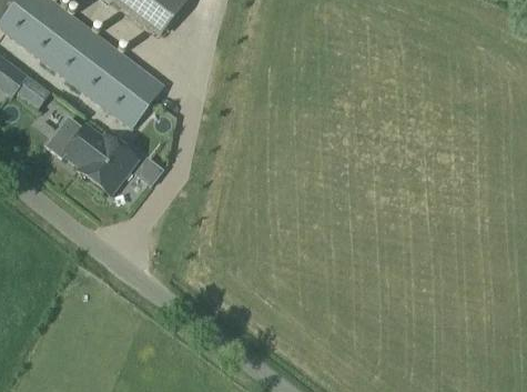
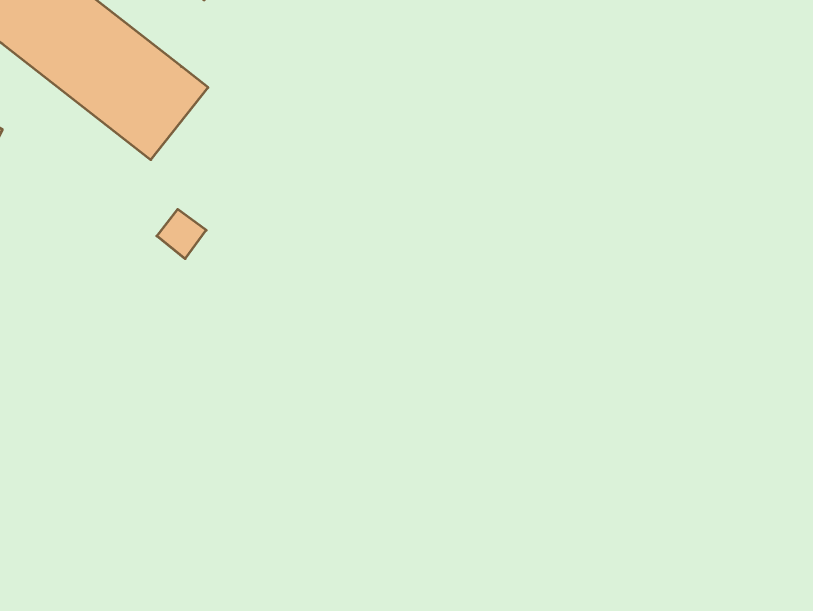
building: [49,118,135,192] -> none

